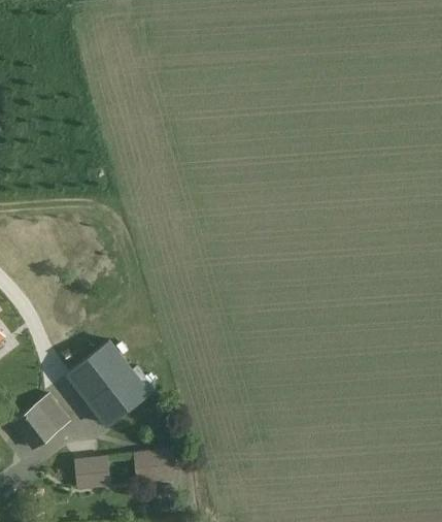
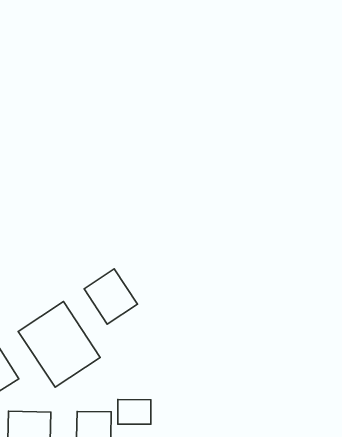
building: none -> [84,269,137,324]
building: none -> [118,399,151,424]

